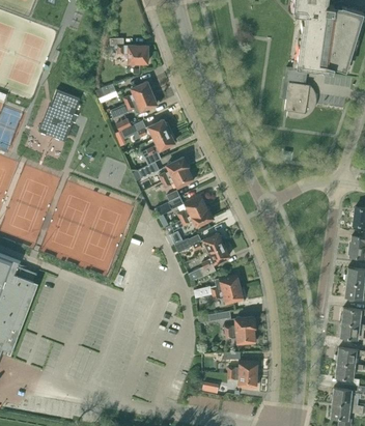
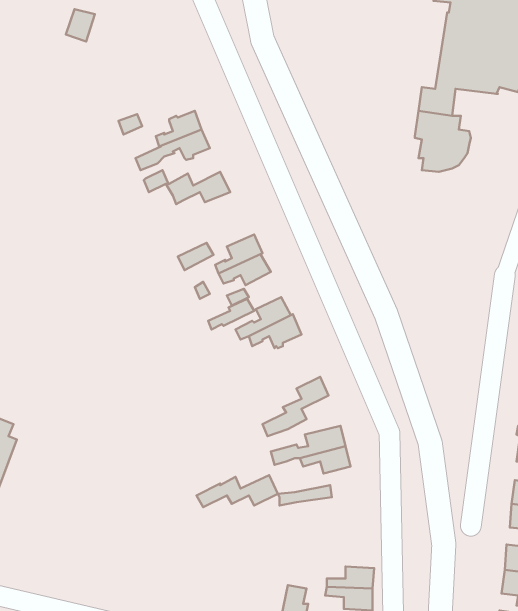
building: [110,38,147,63] -> none
building: [41,90,80,139] -> none
building: [142,132,174,164] -> none
building: [174,233,224,253] -> [196,475,278,507]
building: [223,317,255,346] -> none

